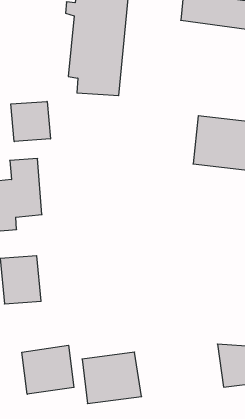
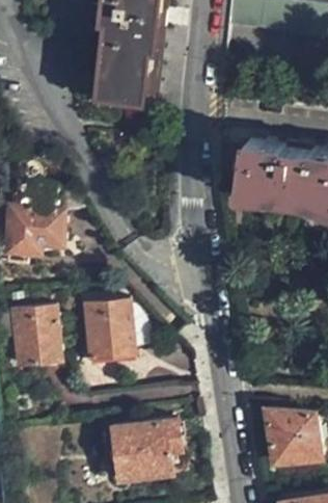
building: [11,101,50,142] -> none
building: none -> [86,300,135,359]
building: [22,345,74,394] -> none

